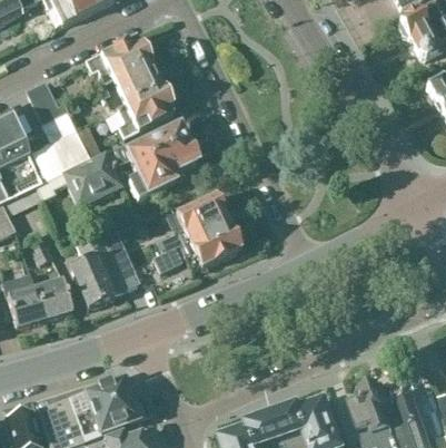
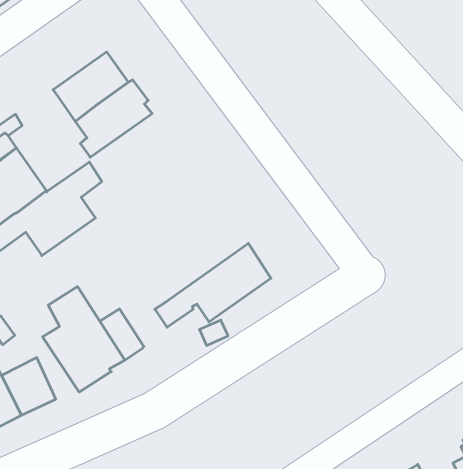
building: [87,37,152,85] -> none
building: [123,125,197,197] -> none
building: [158,192,229,252] -> none

